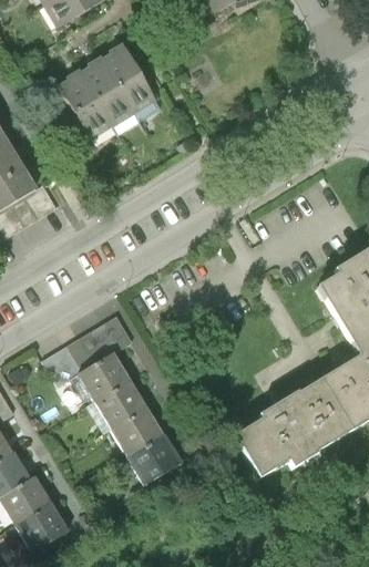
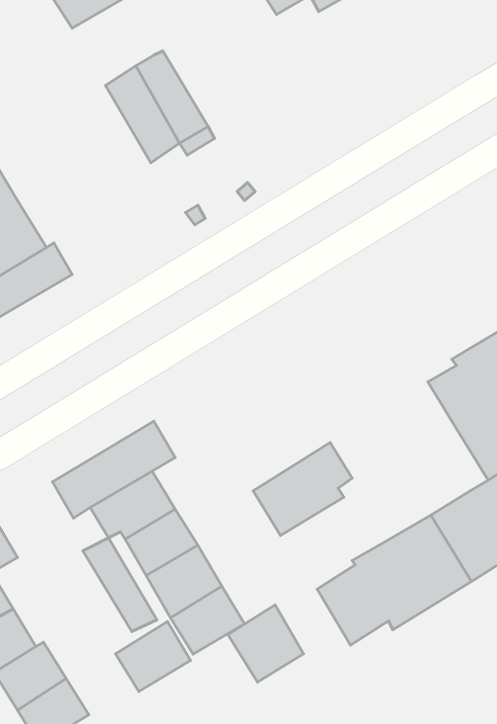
building: [55,68,112,137] -> none
building: none -> [253,442,352,535]
building: none -> [83,538,157,632]
building: none -> [228,605,304,682]
building: none -> [115,621,190,691]

